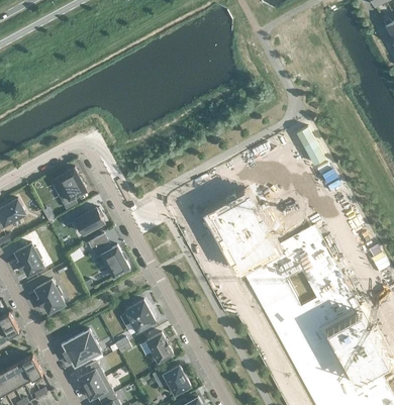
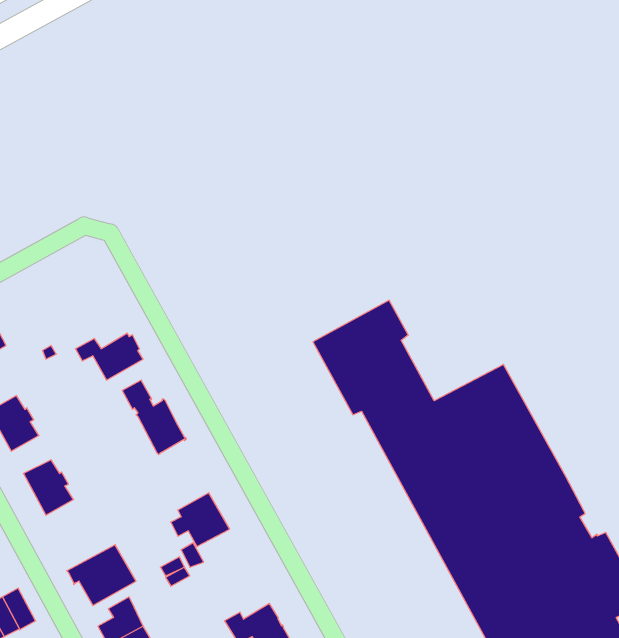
building: [51,168,87,209] -> none
building: [145,333,172,363] -> none

